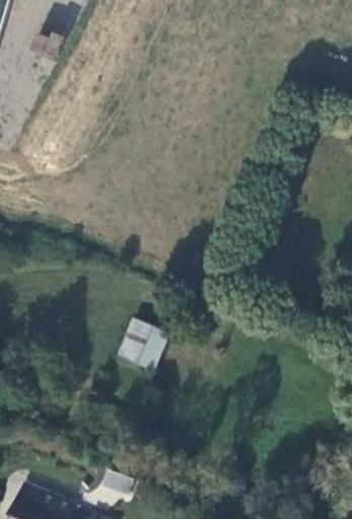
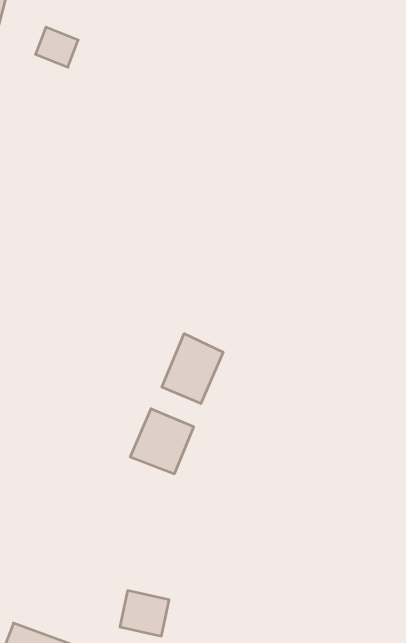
building: none -> [162,334,223,404]

